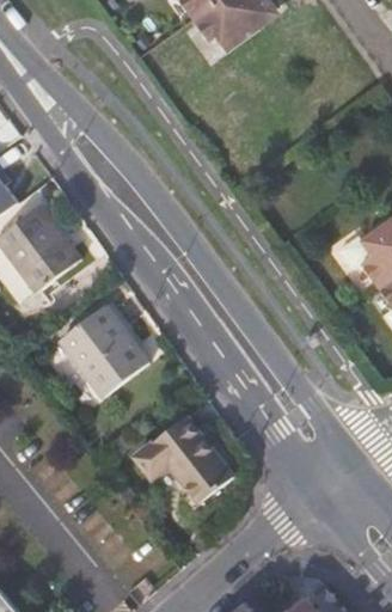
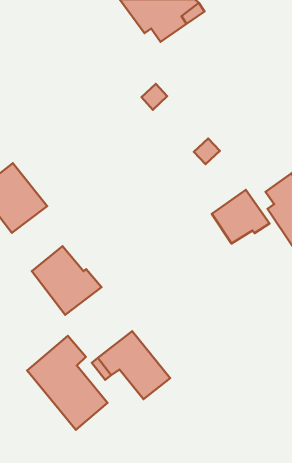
building: none -> [212,190,270,243]
building: none -> [27,336,107,430]

